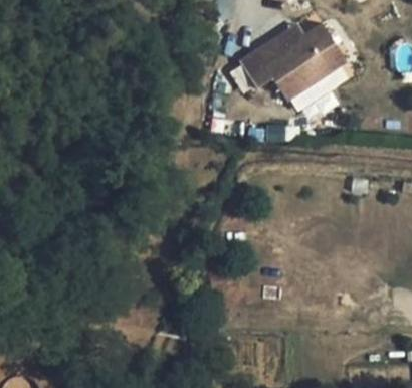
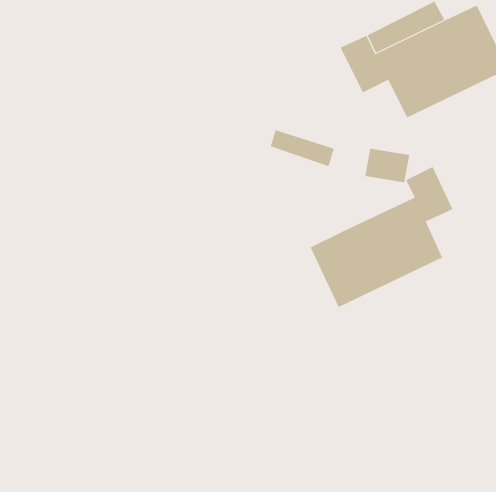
building: none -> [310,166,453,308]

